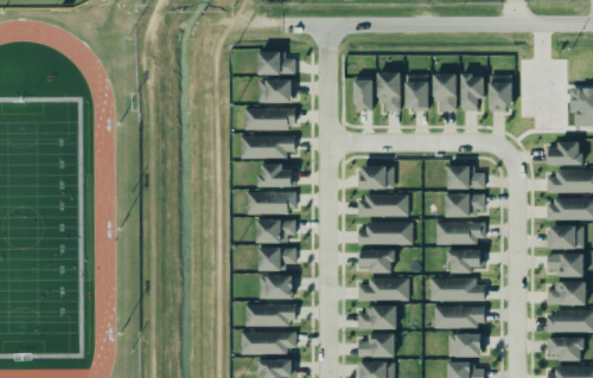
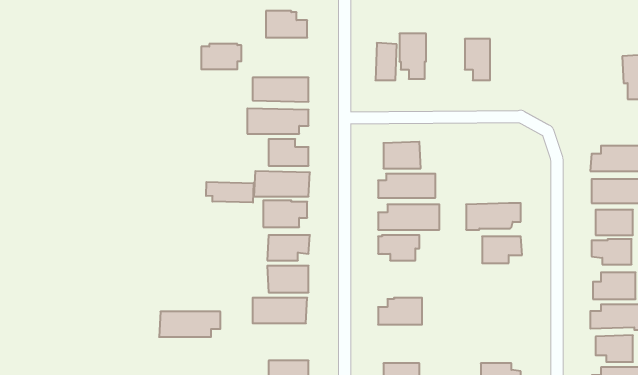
building: [460,72,484,110] -> none
building: [406,75,429,110] -> none
building: [489,75,511,111] -> none
building: [259,78,294,101] -> [201,44,241,69]
building: [549,143,581,166] -> none
building: [447,165,484,187] -> none
building: [444,192,484,217] -> none
building: none -> [206,182,253,203]
building: [357,278,408,301] -> none
building: [431,280,484,301] -> none
building: [434,307,483,328] -> none
building: [240,332,294,354] -> [159,312,220,337]
building: [357,333,394,357] -> none
building: [447,333,484,355] -> none

